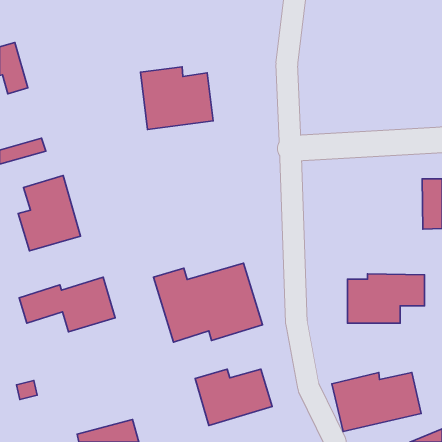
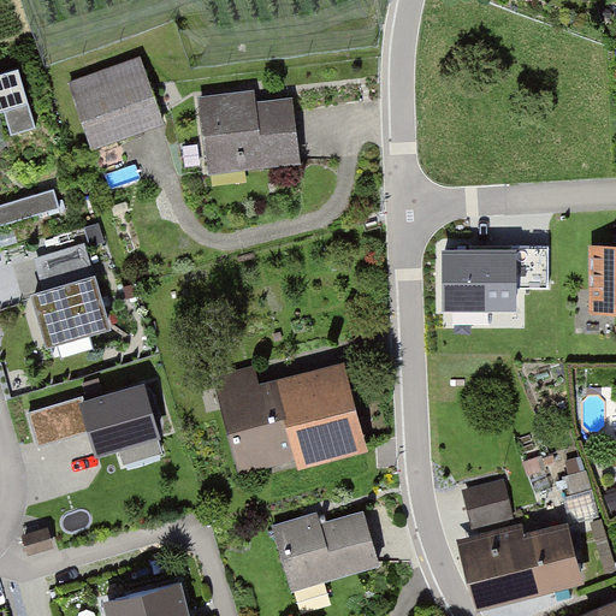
building: none -> [67,47,165,140]
building: [347,274,425,323] -> [442,243,549,312]
building: none -> [463,480,513,523]

